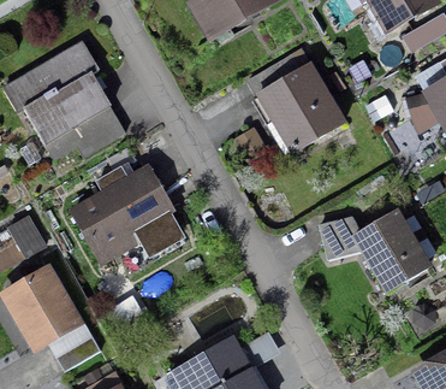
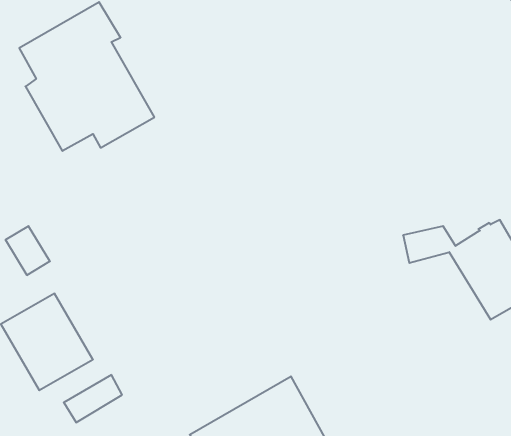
building: [248,54,343,157] -> none
building: [75,165,182,251] -> none

